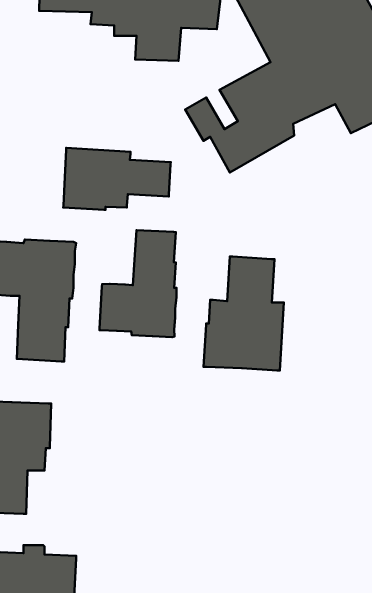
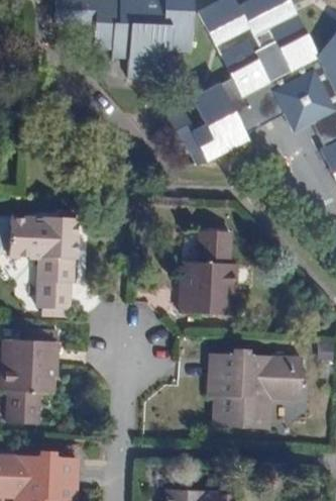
building: [63,148,171,210] -> none
building: [99,230,176,337] -> none
building: none -> [208,348,304,429]

